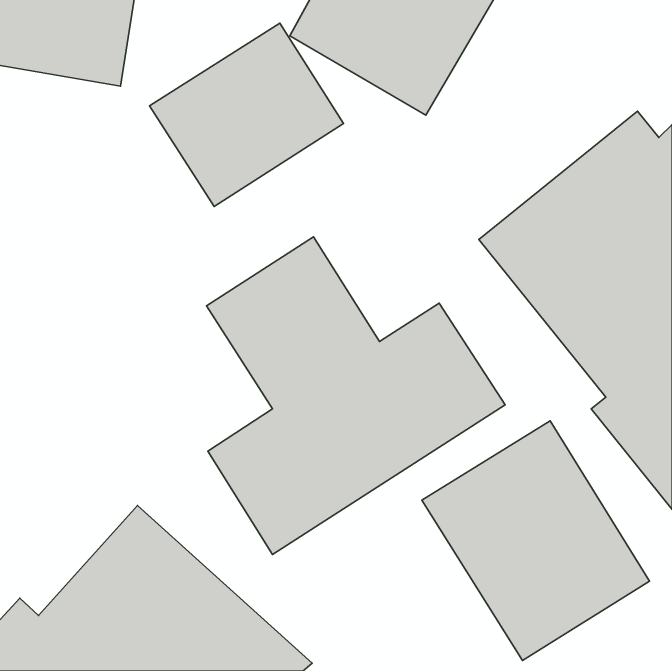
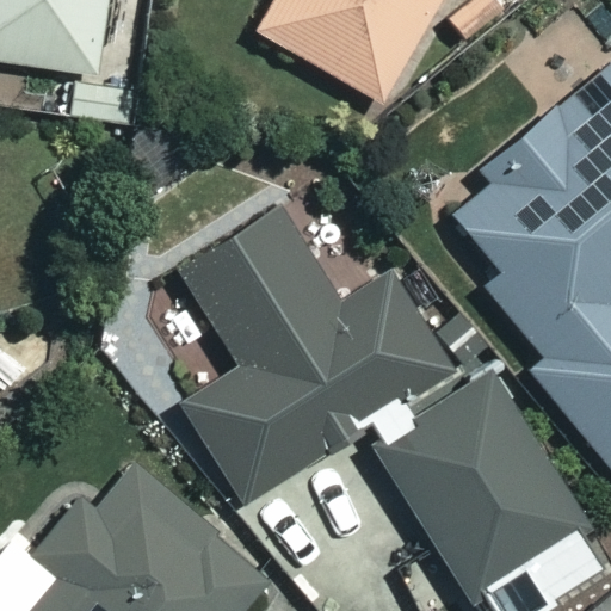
building: [150,23,344,206] -> none

